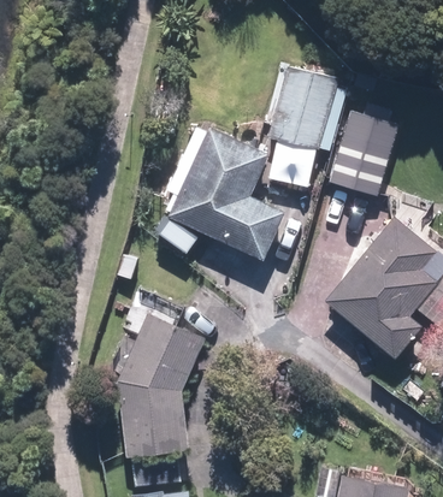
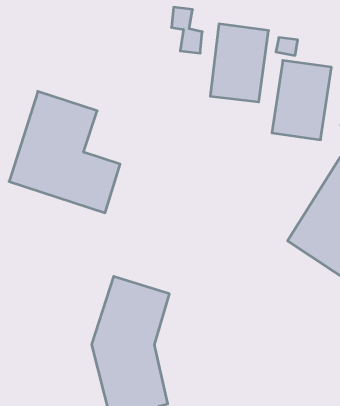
building: [169,126,285,260] -> [9,91,120,213]

